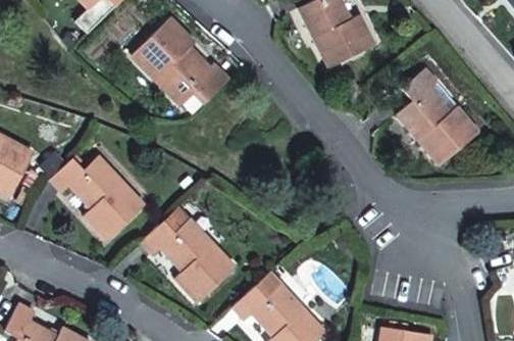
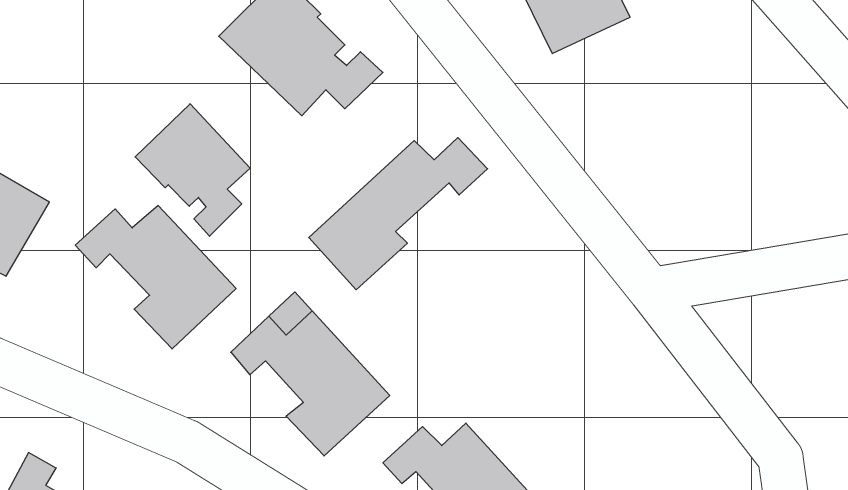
building: [398,69,480,166] -> none
building: none -> [135,104,250,236]
building: none -> [309,138,488,290]

